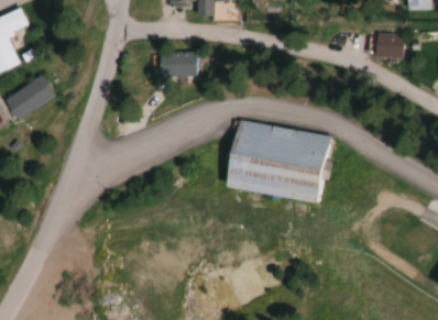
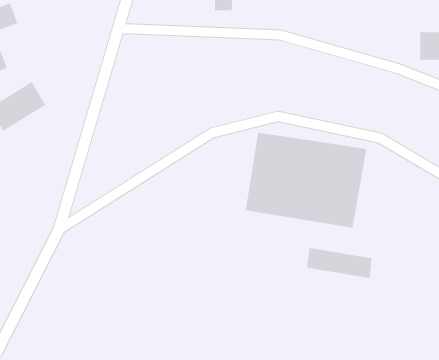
building: [160,52,197,76] -> none
building: none -> [306,247,373,279]

